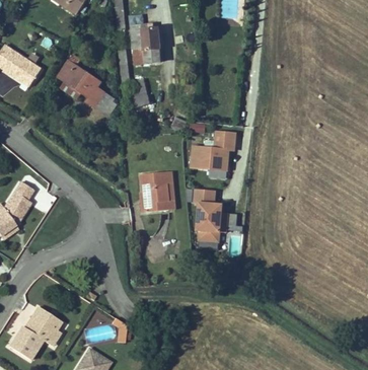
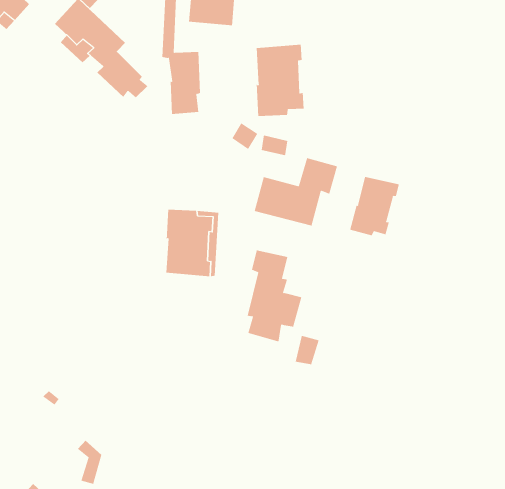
building: none -> [256,44,304,117]
building: none -> [349,176,400,236]

